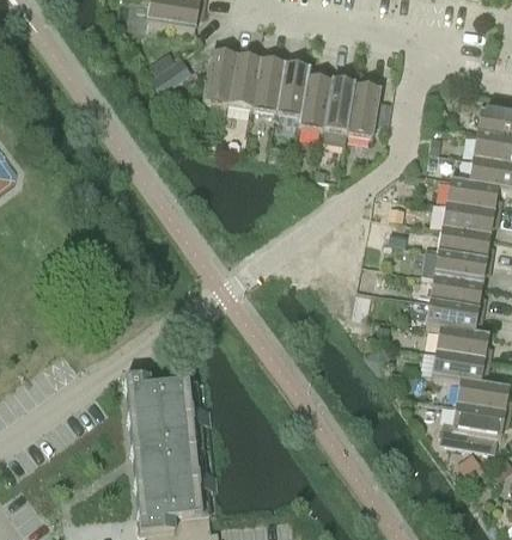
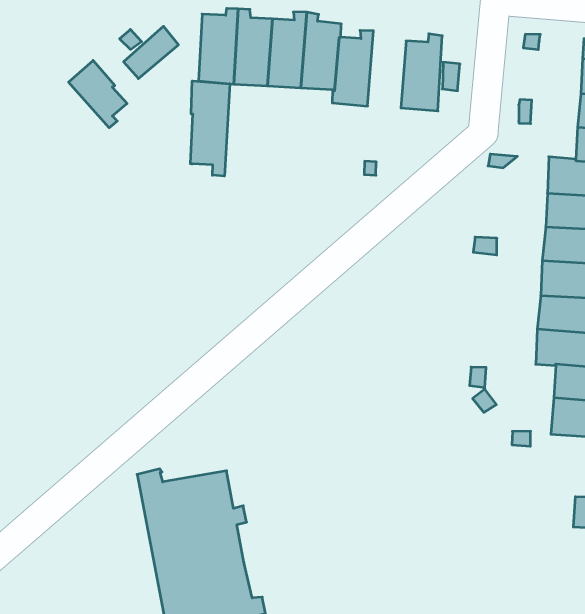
building: [322,74,354,131] -> none
building: none -> [69,60,127,128]
building: none -> [190,81,230,176]

